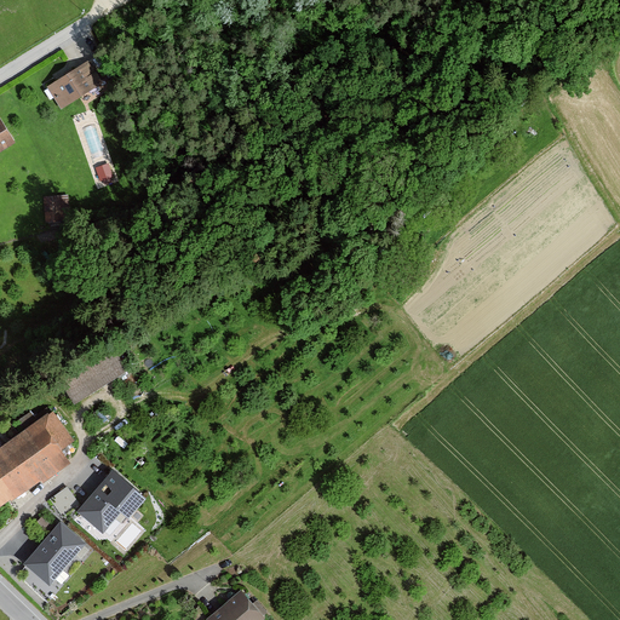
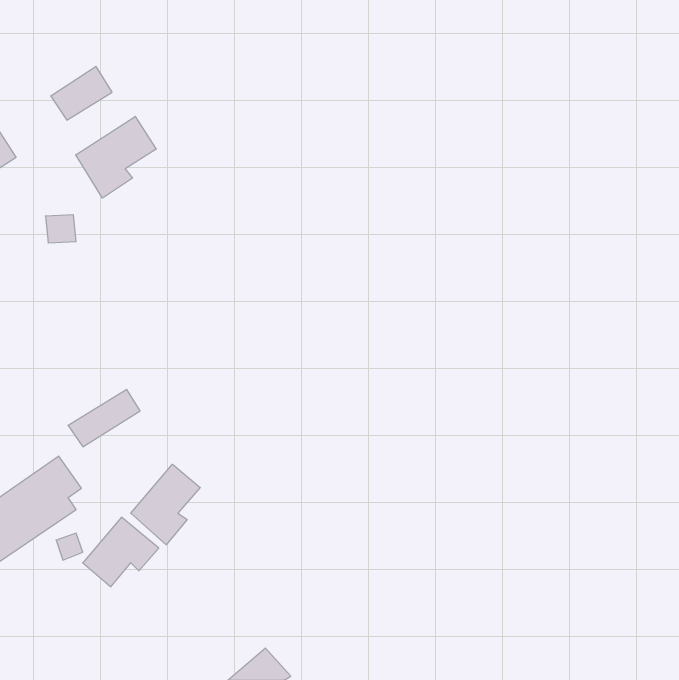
building: none -> [76,116,156,198]
building: none -> [131,464,200,545]
building: [22,521,84,585] -> none

